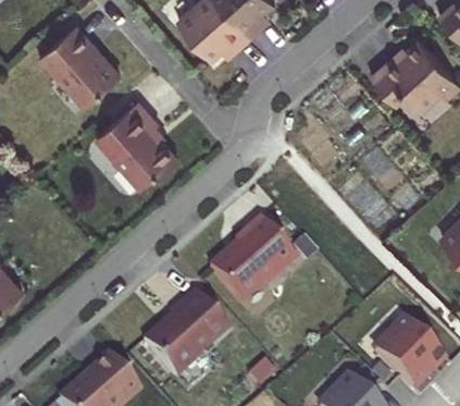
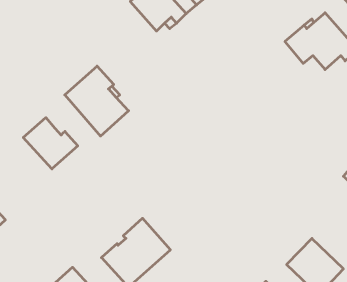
building: [47,25,121,107] -> none
building: none -> [23,118,78,169]
building: [211,220,297,304] -> none

